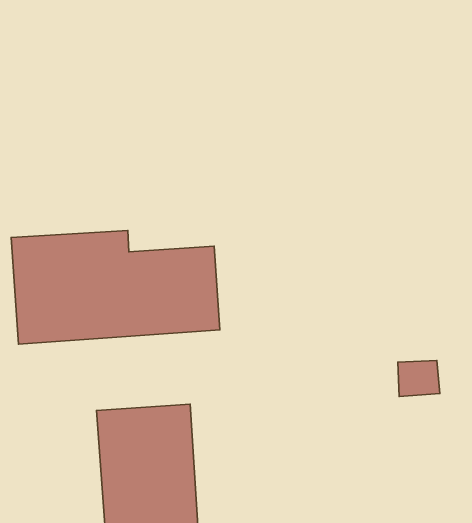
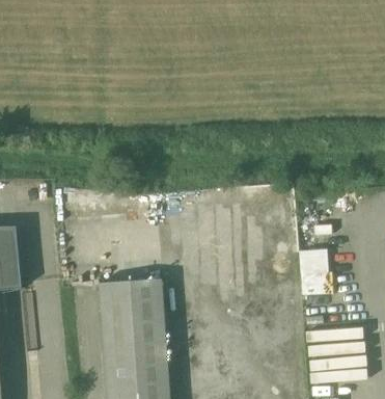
building: [11,231,220,344] -> none

